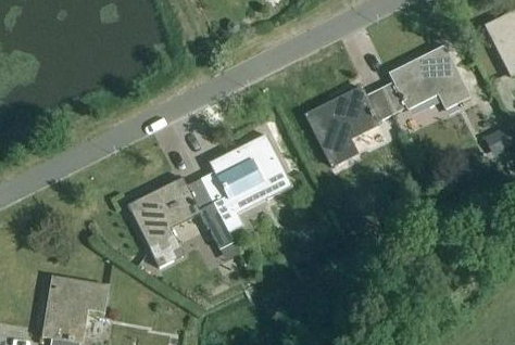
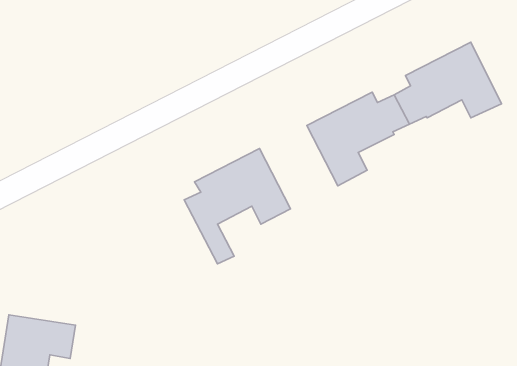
building: [127,177,234,267] -> none

